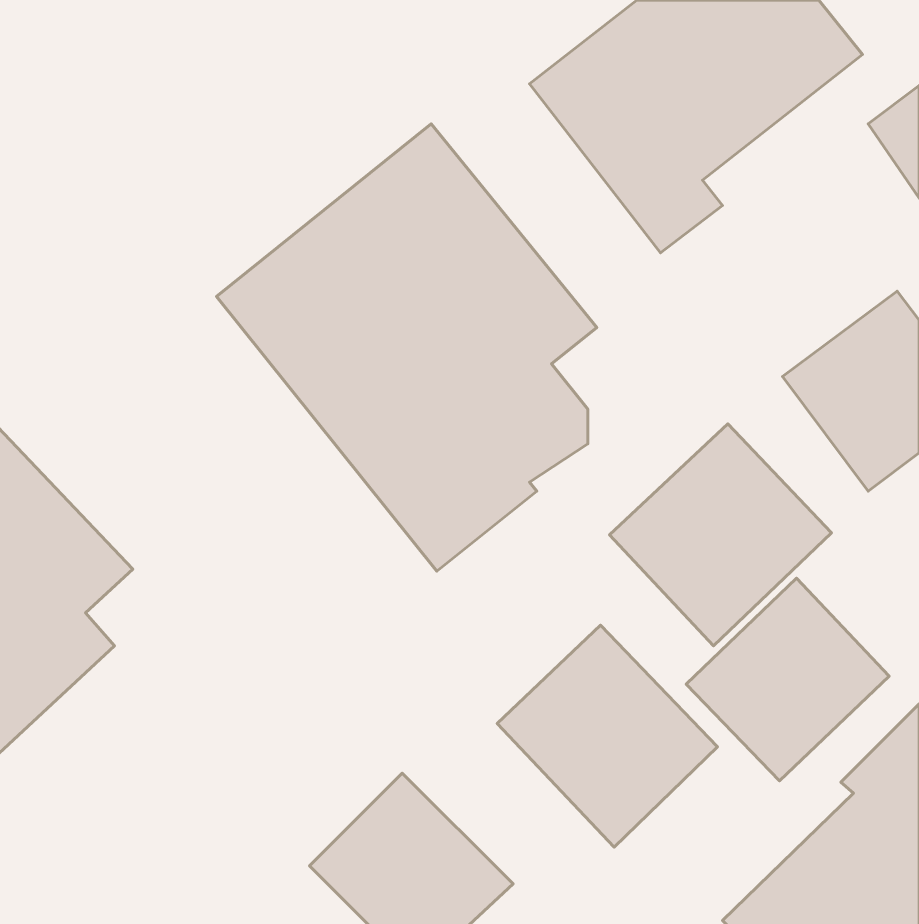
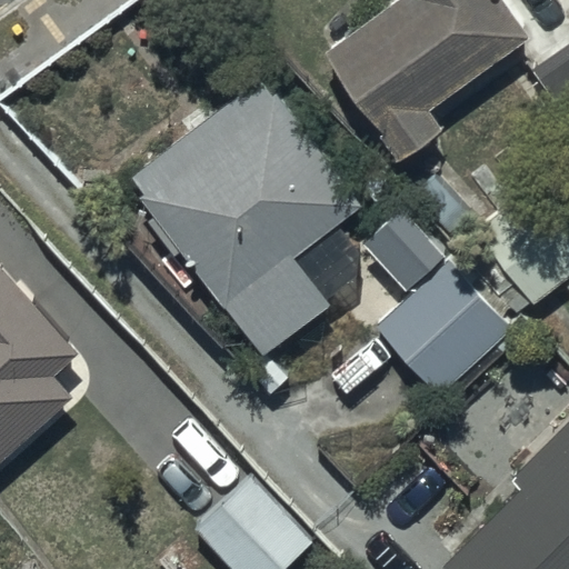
building: [686,578,889,781] -> none
building: [497,625,718,847] -> none

